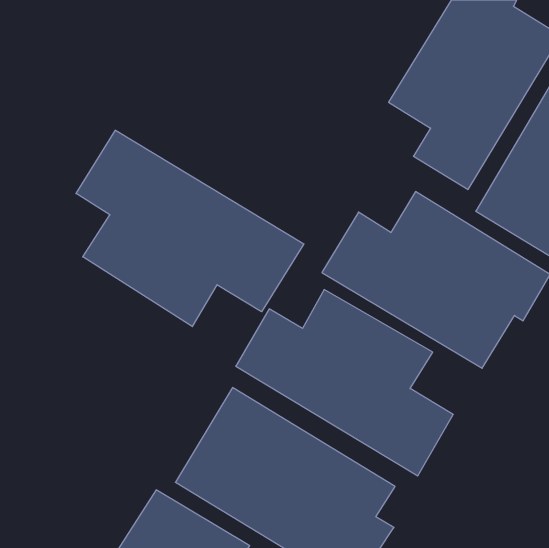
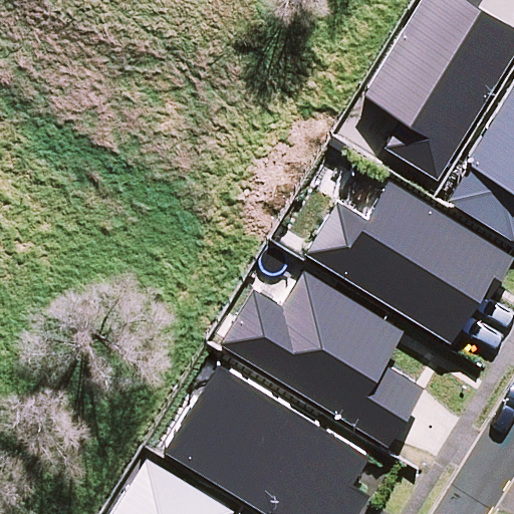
building: [76,130,304,327] -> none

